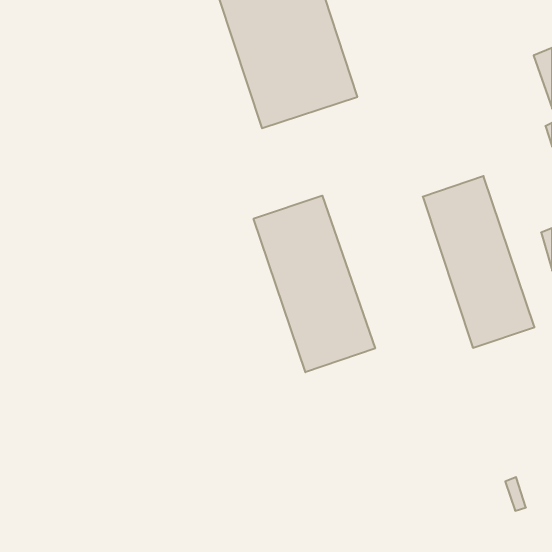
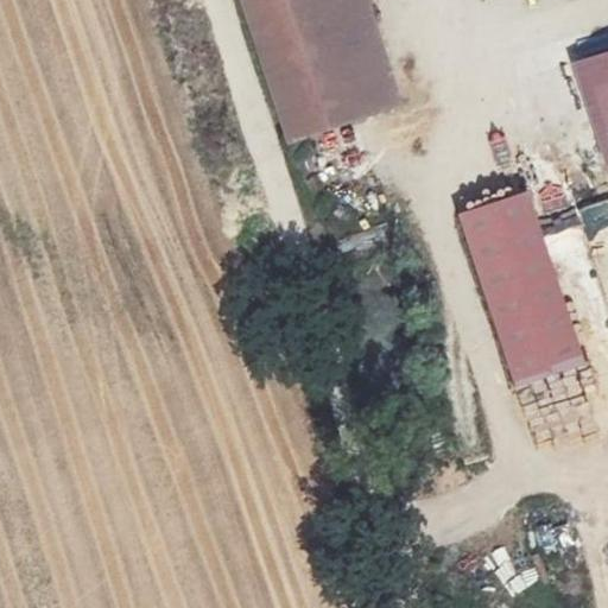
building: [254,196,375,372] -> none

